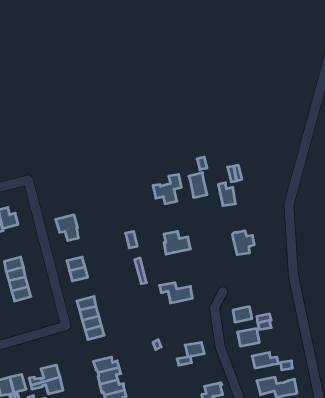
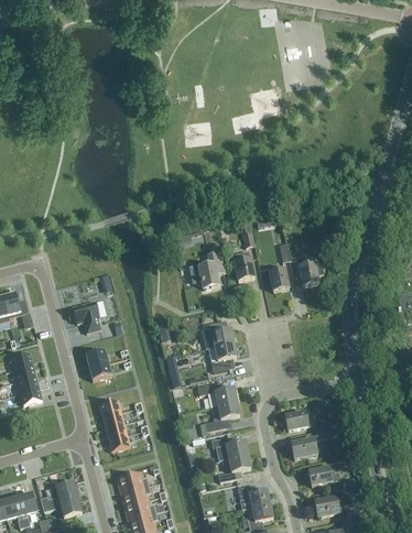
building: [232,231,254,255] -> [297,255,324,284]
building: none -> [208,341,237,370]
building: none -> [205,401,240,429]
building: none -> [212,436,248,459]
building: none -> [238,483,271,508]

